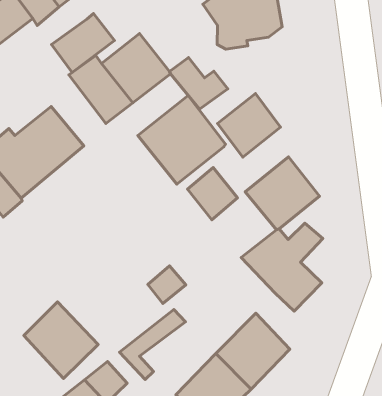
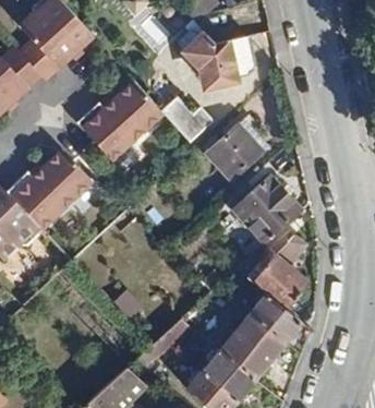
building: [51,14,115,72] -> none
building: [138,96,226,184] -> none
building: [187,167,238,220] -> none
building: none -> [252,295,300,341]
building: [24,302,98,378] -> none

